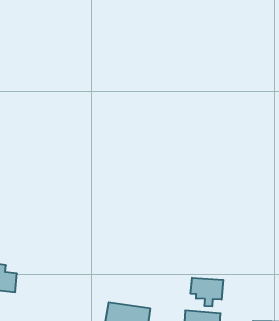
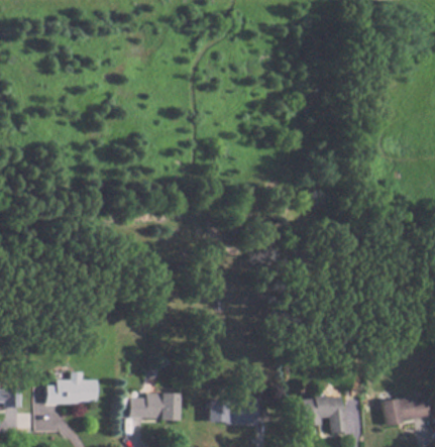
building: [191,278,223,306] -> none
building: none -> [132,393,180,421]

